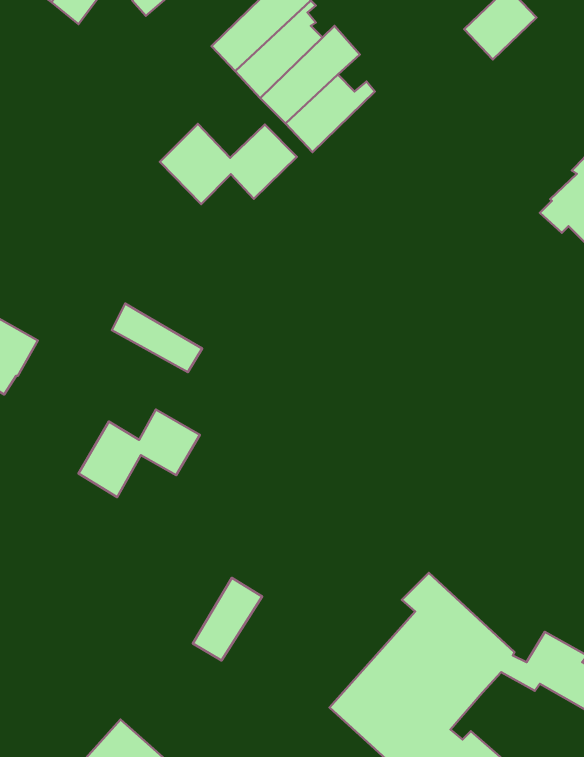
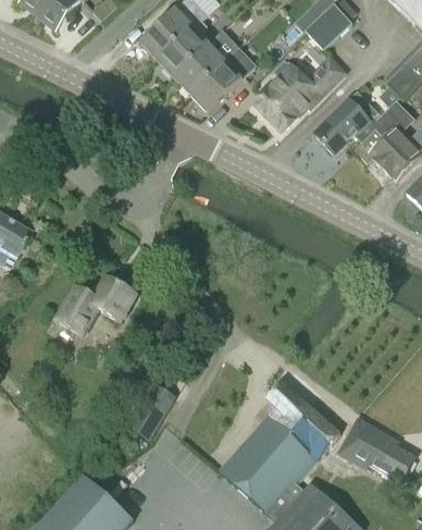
building: none -> [252,58,345,132]
building: none -> [315,91,378,153]
building: [160,124,297,204] -> none
building: [112,304,202,372] -> none

